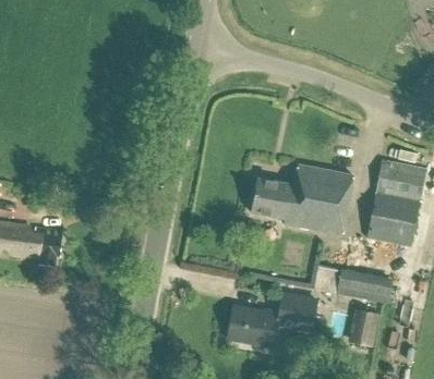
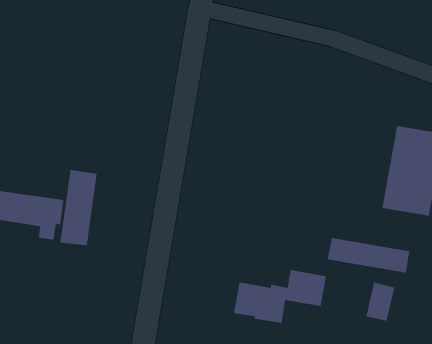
building: [248,163,351,233] -> none
building: none -> [60,169,97,246]

